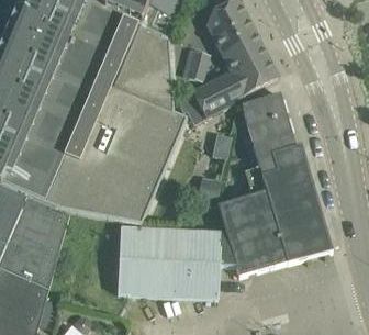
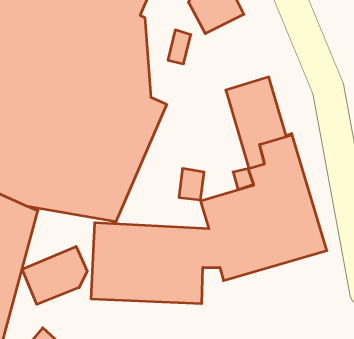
building: [191,34,277,116] -> none
building: none -> [22,246,87,304]

